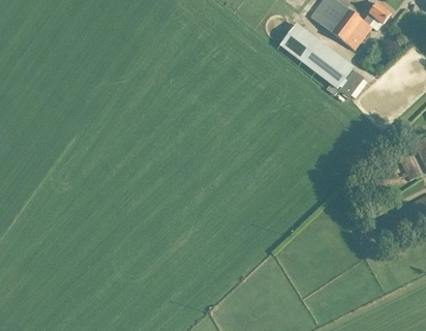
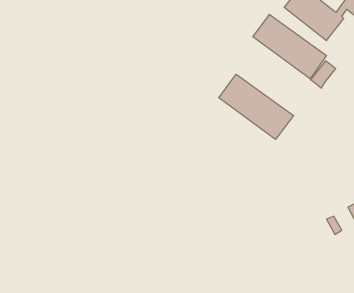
building: none -> [219,74,294,139]

